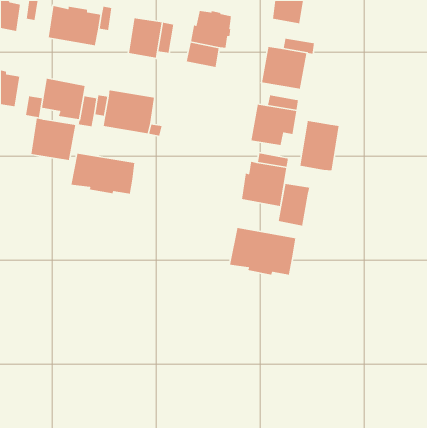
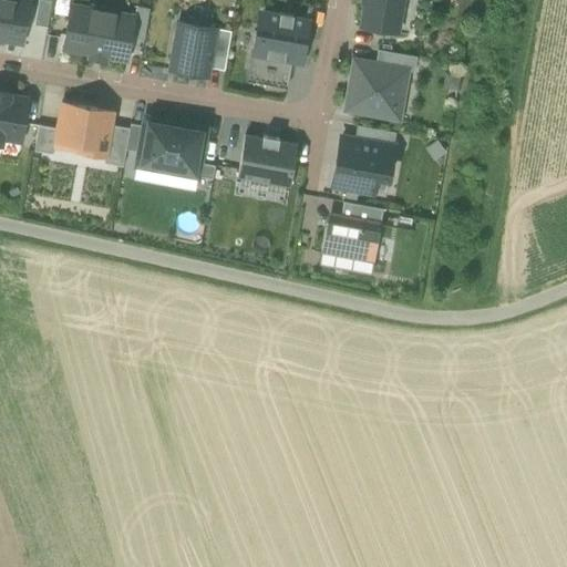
building: none -> [239,135,297,186]
building: [30,118,76,161] -> none
building: [300,120,340,171] -> none
building: [71,153,135,194] -> none
building: [278,183,310,227] -> none
building: [229,227,296,275] -> none

